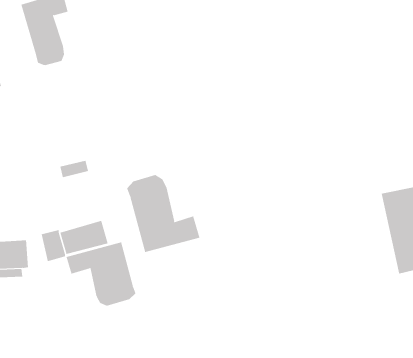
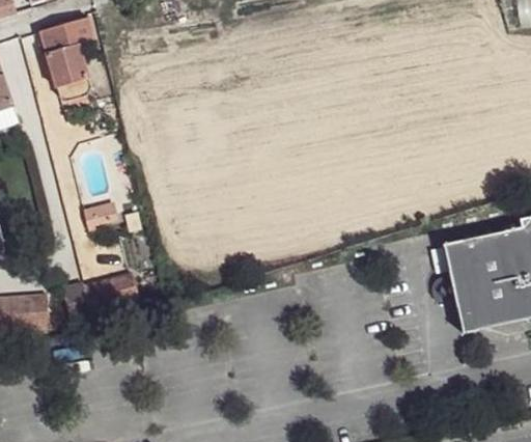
building: [127,174,200,253] -> none
building: [66,241,136,307] -> none

